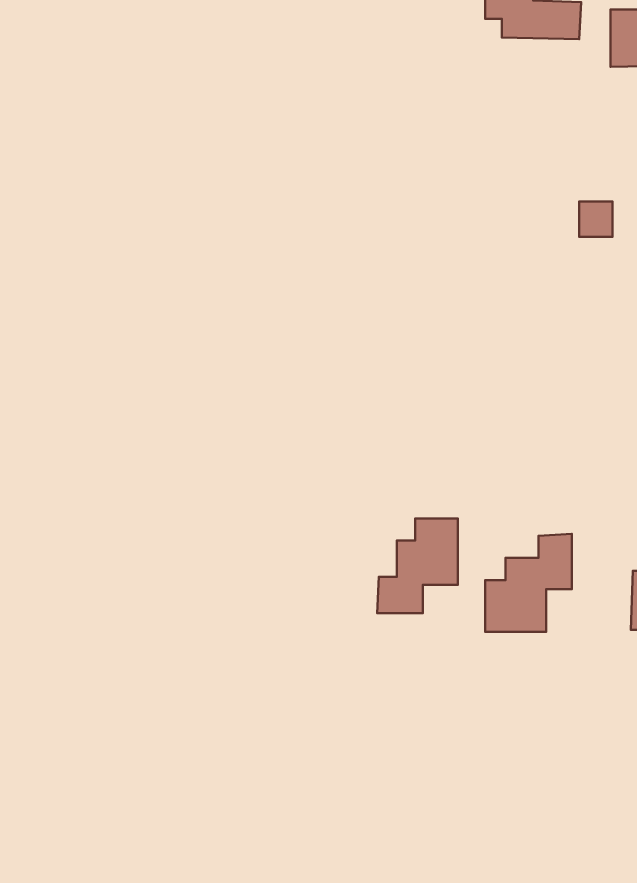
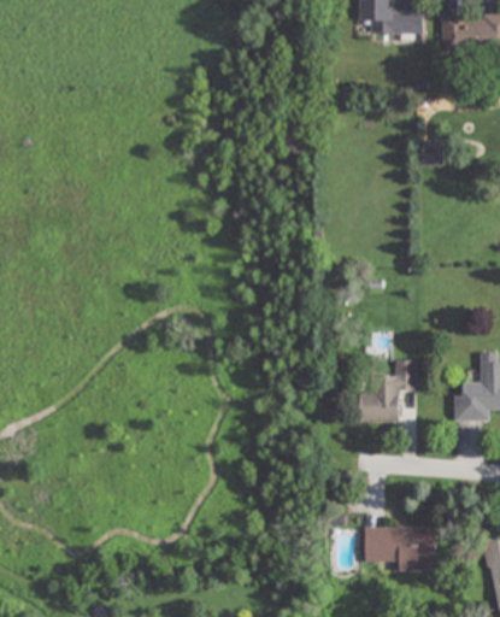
building: [377,519,458,613] -> none
building: none -> [364,525,435,570]

